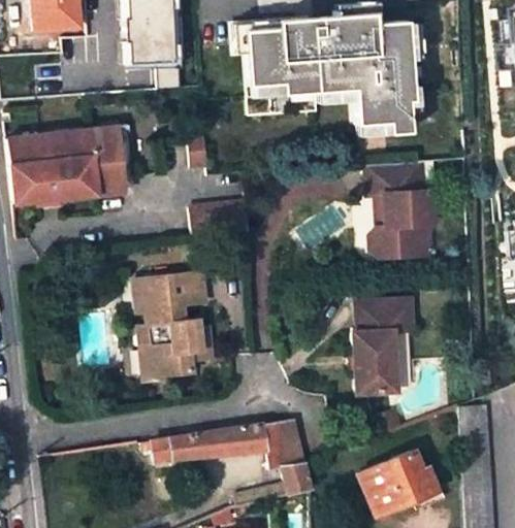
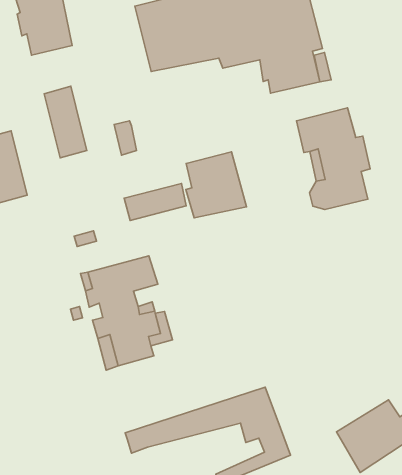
building: [93,127,125,195] -> [44,86,87,158]
building: none -> [186,152,247,218]
building: [357,300,418,396] -> none

